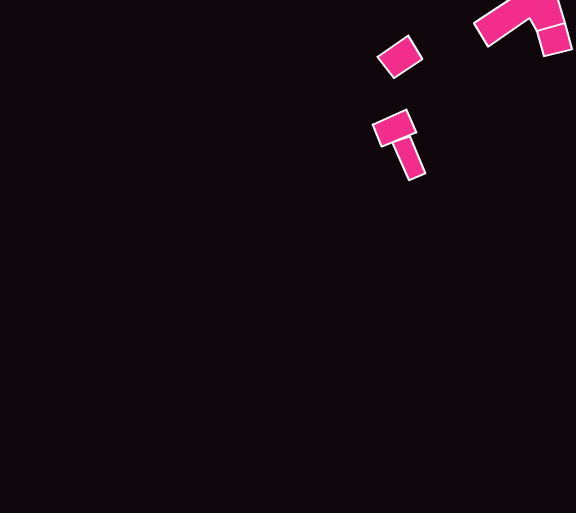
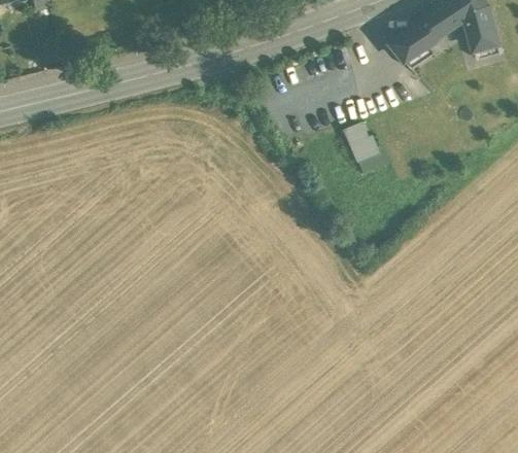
building: [377,35,422,78] -> [388,25,427,62]
building: [373,109,416,147] -> none

